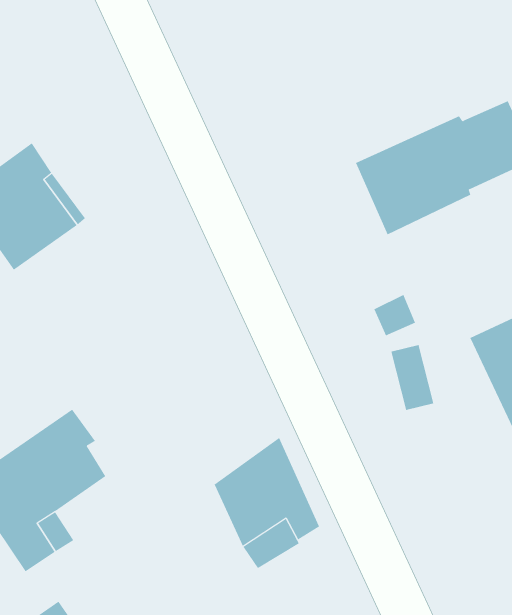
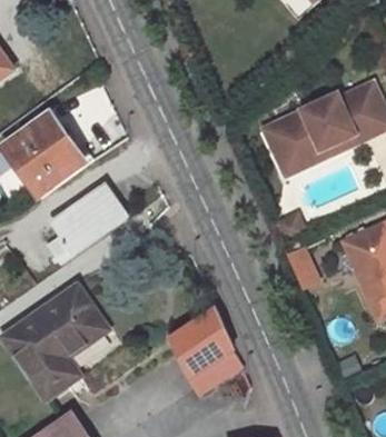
building: none -> [48,185,130,262]

